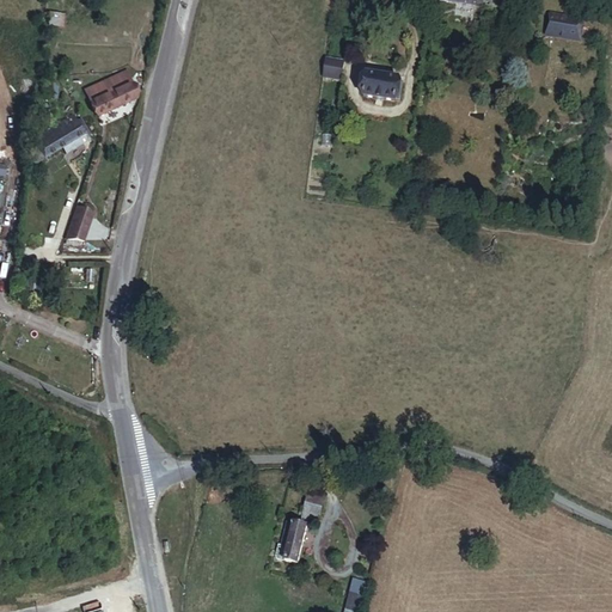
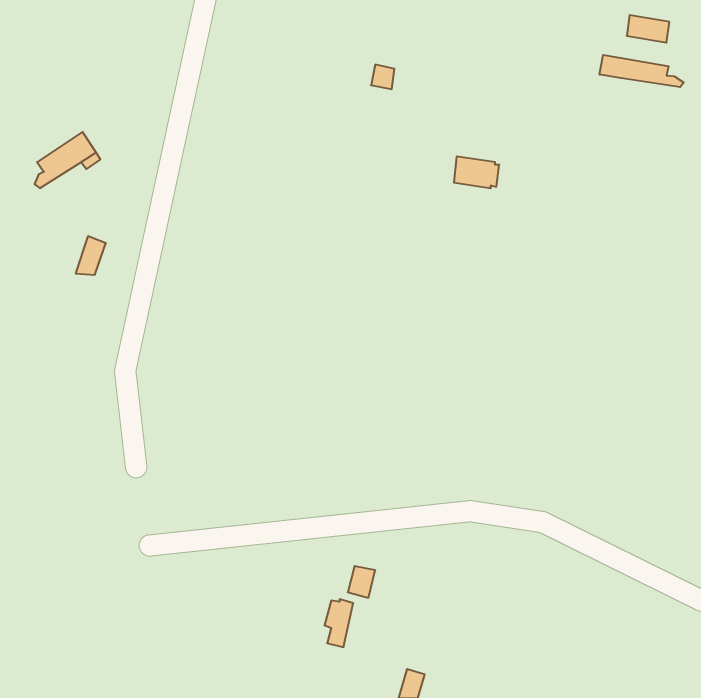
building: none -> [600,55,684,87]
building: [85,72,136,115] -> none
building: [362,72,402,99] -> [454,157,499,188]

